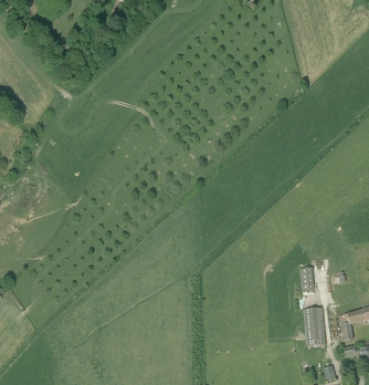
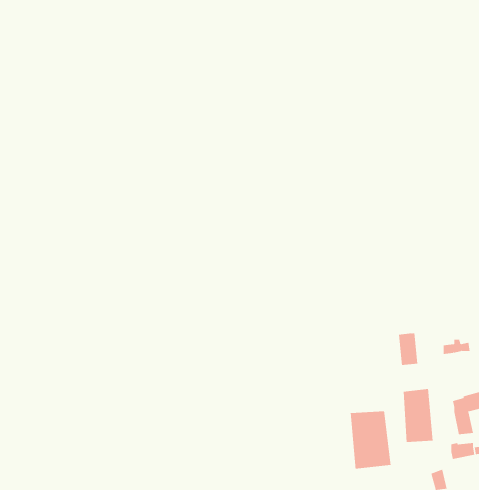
building: none -> [350,410,391,470]

